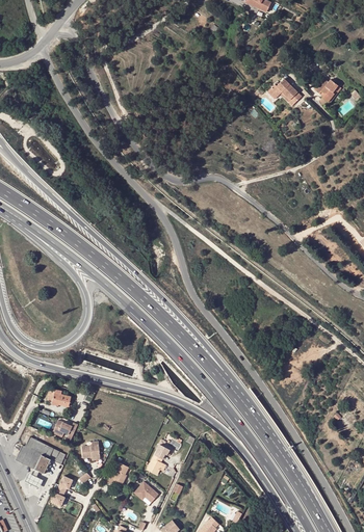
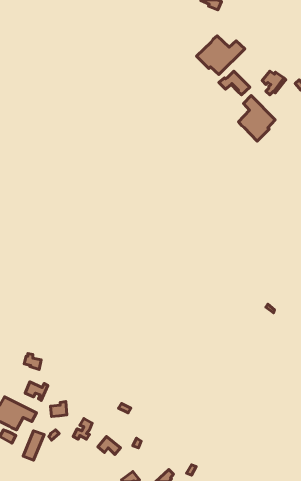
building: none -> [196,36,245,75]
building: none -> [239,96,275,141]

